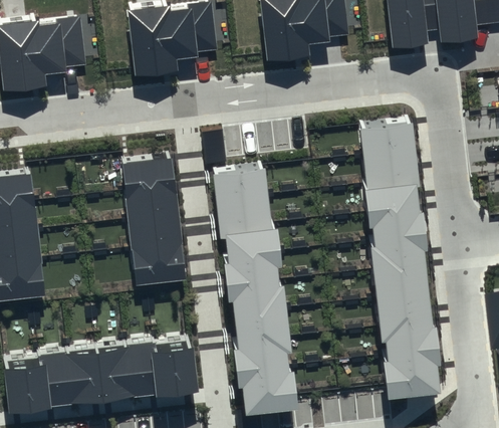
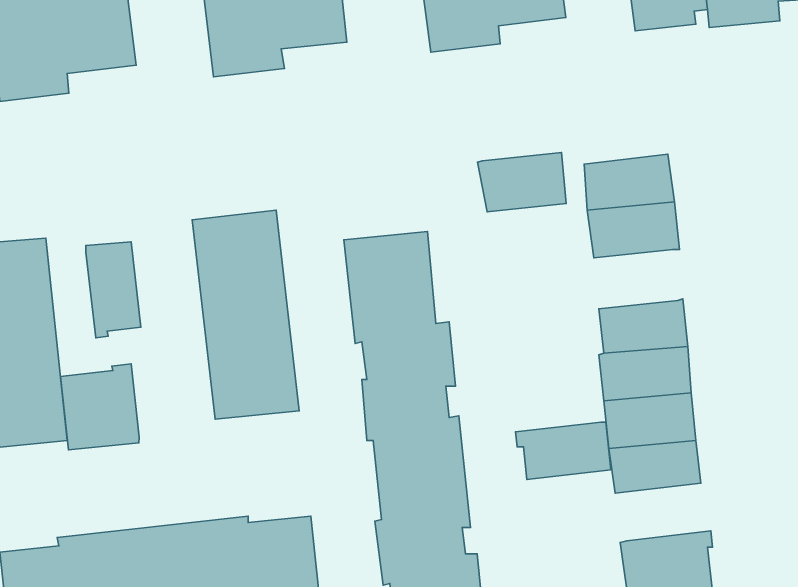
building: none -> [86,242,141,338]
building: [363,180,418,216] -> [477,152,566,212]
building: none -> [60,364,139,450]
building: [380,323,438,358] -> [515,422,611,480]

